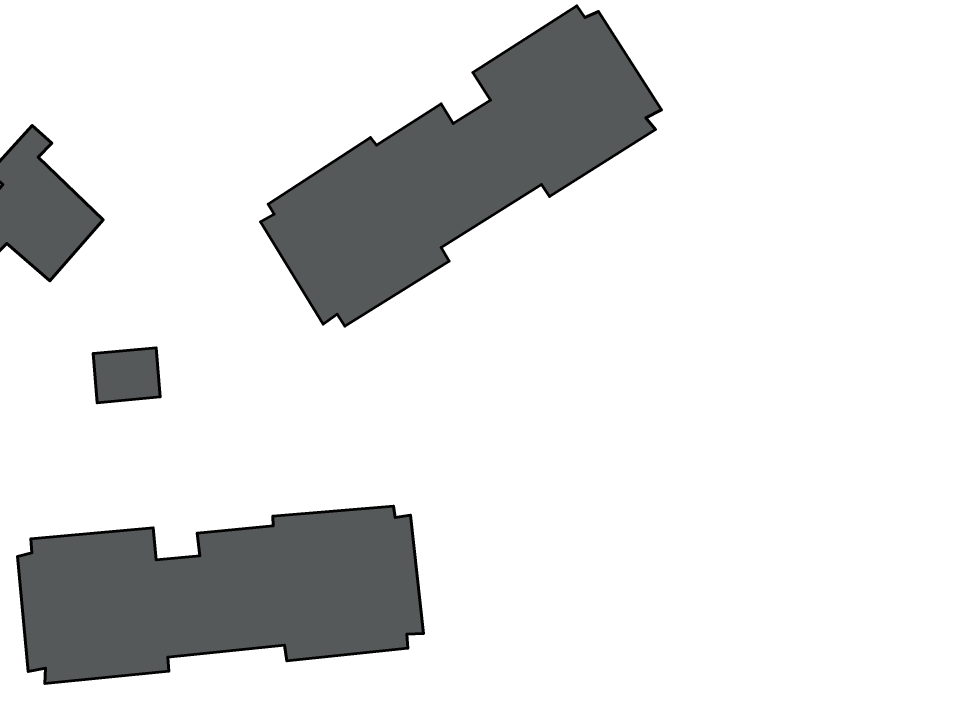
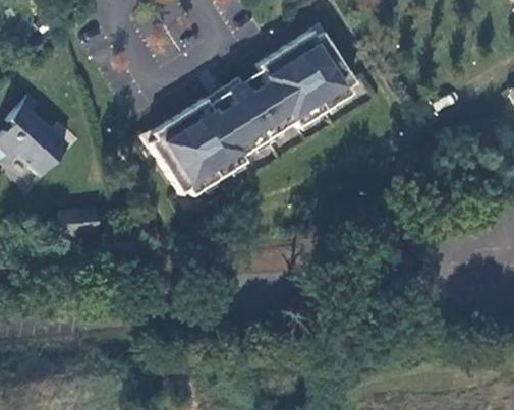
building: [18,506,424,683] -> none

